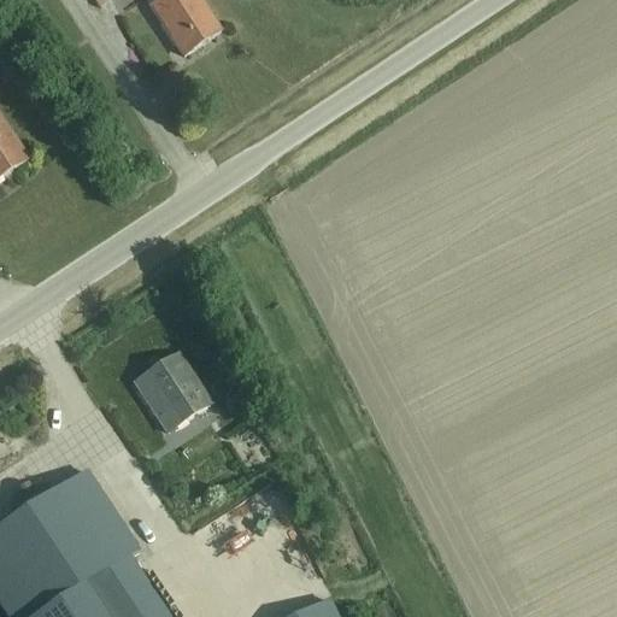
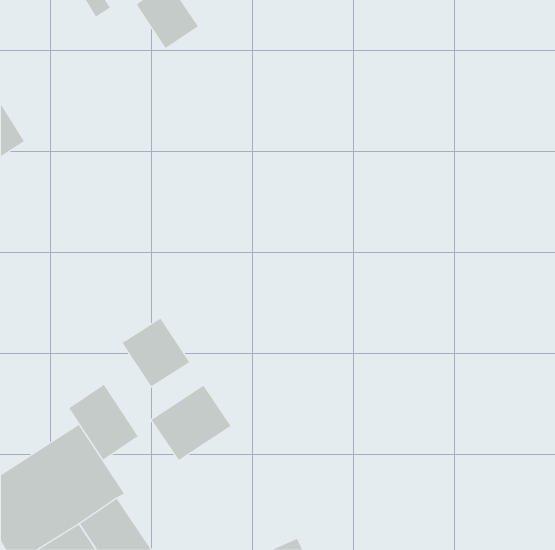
building: none -> [69,384,139,461]
building: none -> [151,385,232,461]

